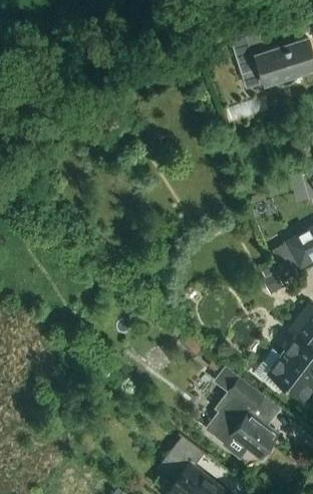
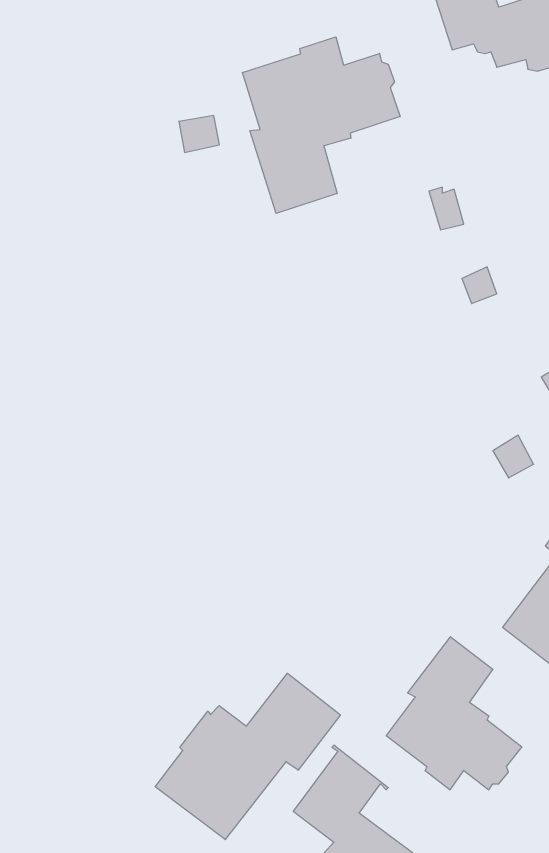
building: none -> [242,37,400,213]
building: none -> [155,673,340,840]

